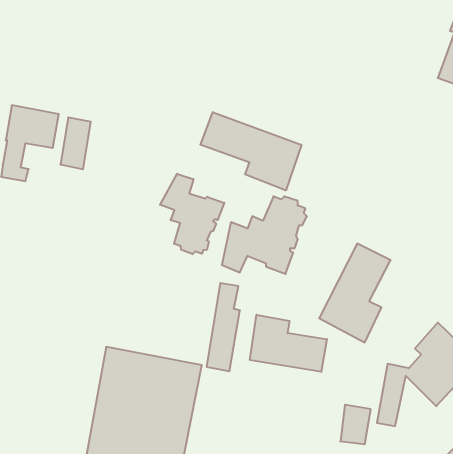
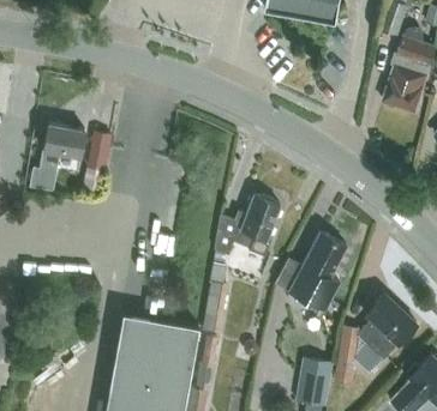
building: [200,112,301,190] -> none
building: [160,174,224,254] -> none
building: [250,315,327,372] -> none

